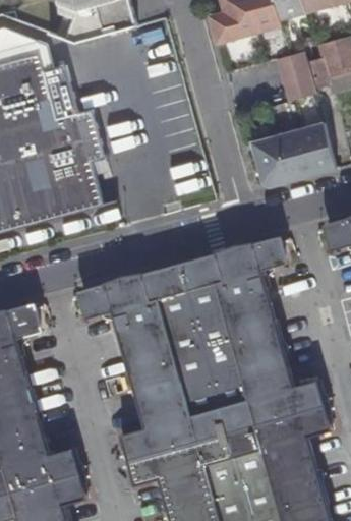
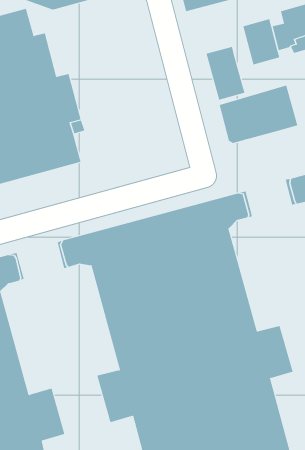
building: none -> [206,46,245,100]

